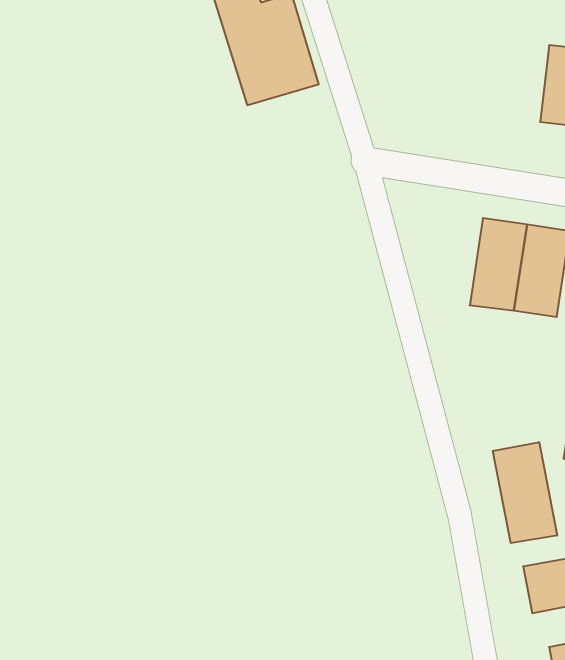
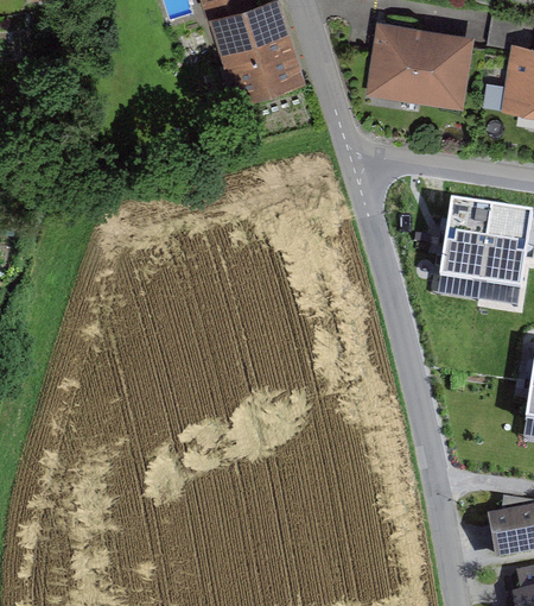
building: none -> [364,21,470,109]
building: [493,442,557,543] -> none

